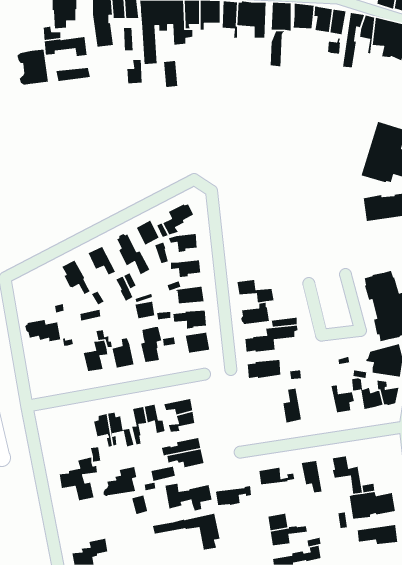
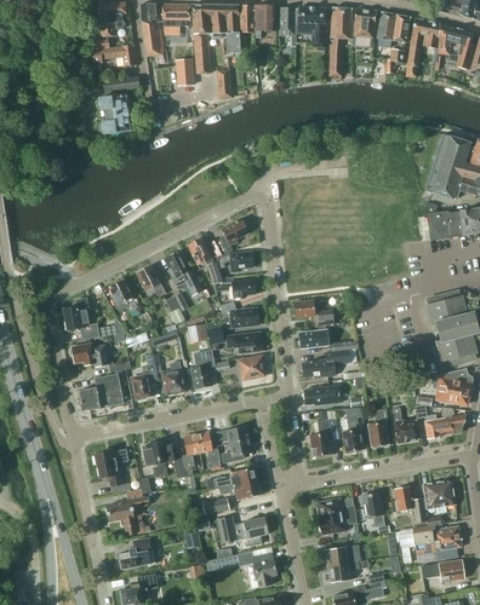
building: [17,49,49,86] -> [96,94,130,133]
building: none -> [63,298,98,339]
building: none -> [79,373,124,411]
building: none -> [368,408,389,448]
building: none -> [309,420,332,457]
building: none -> [92,450,127,486]
building: none -> [423,480,455,513]
building: [103,466,137,497] -> [115,537,152,570]
building: [215,485,252,506] -> [318,512,356,534]

